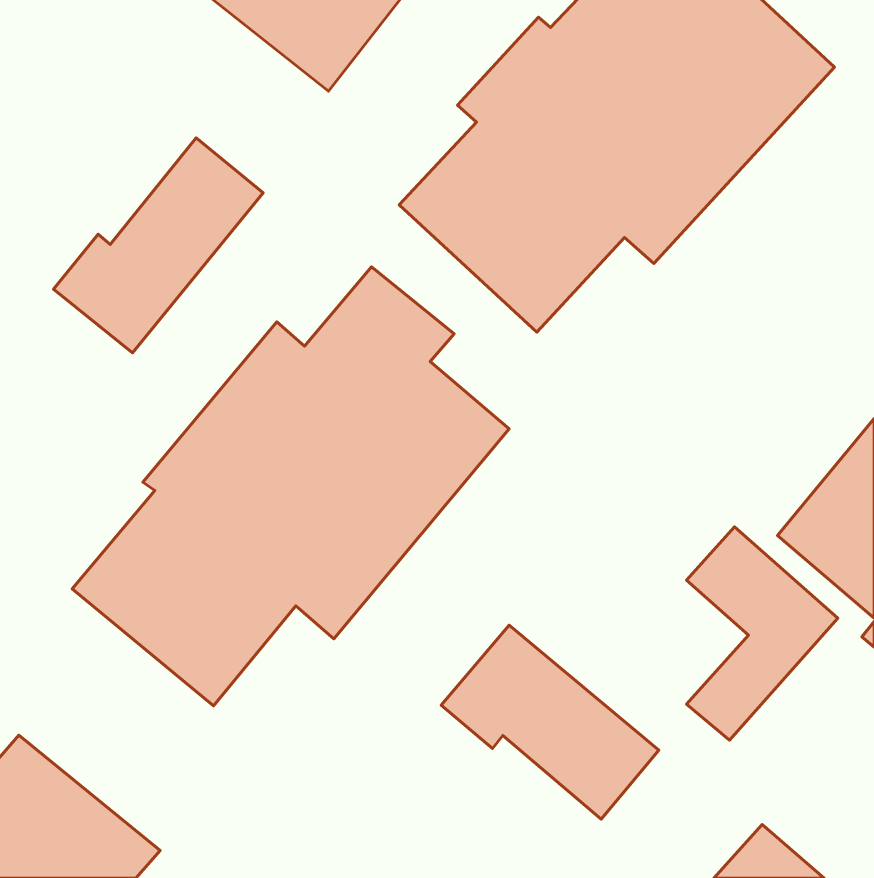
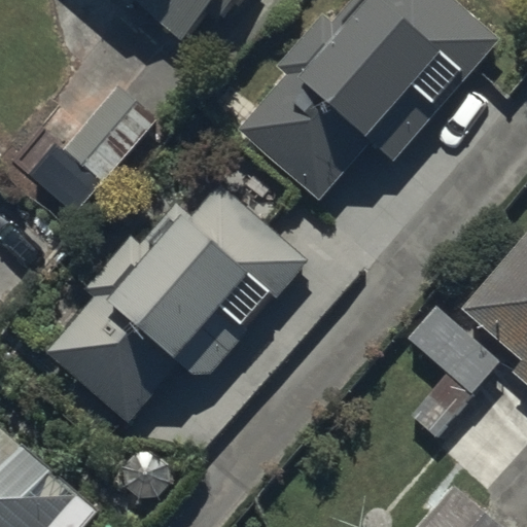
building: [441,625,659,819] -> none

